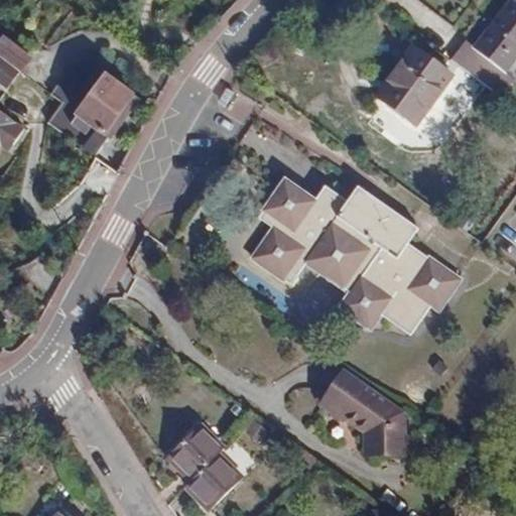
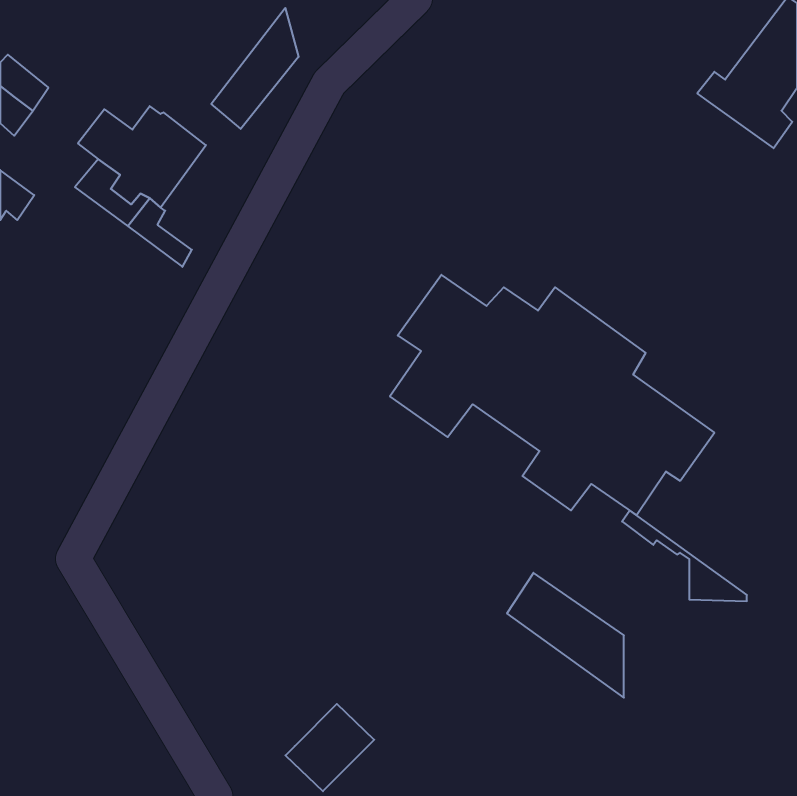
building: none -> [211,8,299,129]
building: [376,46,450,124] -> none
building: [322,396,403,455] -> [622,511,747,601]
building: [166,424,223,482] -> none

